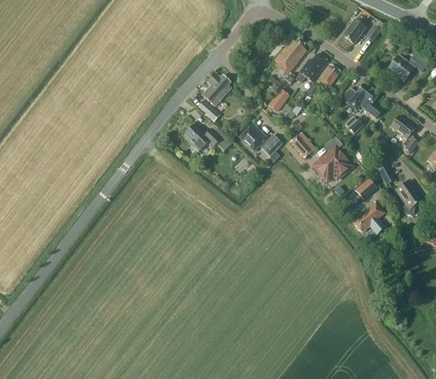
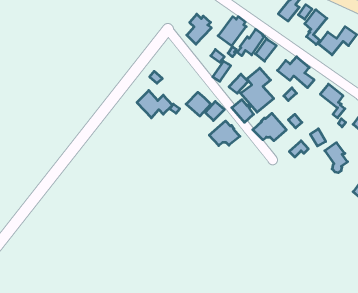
building: none -> [305,10,327,45]
building: [204,72,231,106] -> [187,14,211,44]
building: none -> [240,68,274,112]
building: none -> [209,121,240,146]
building: [353,200,385,234] -> none

